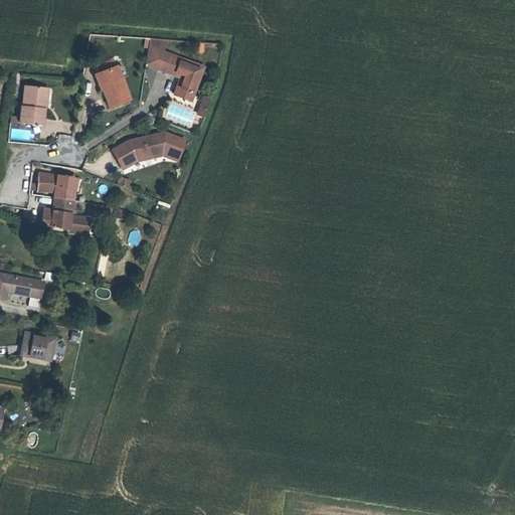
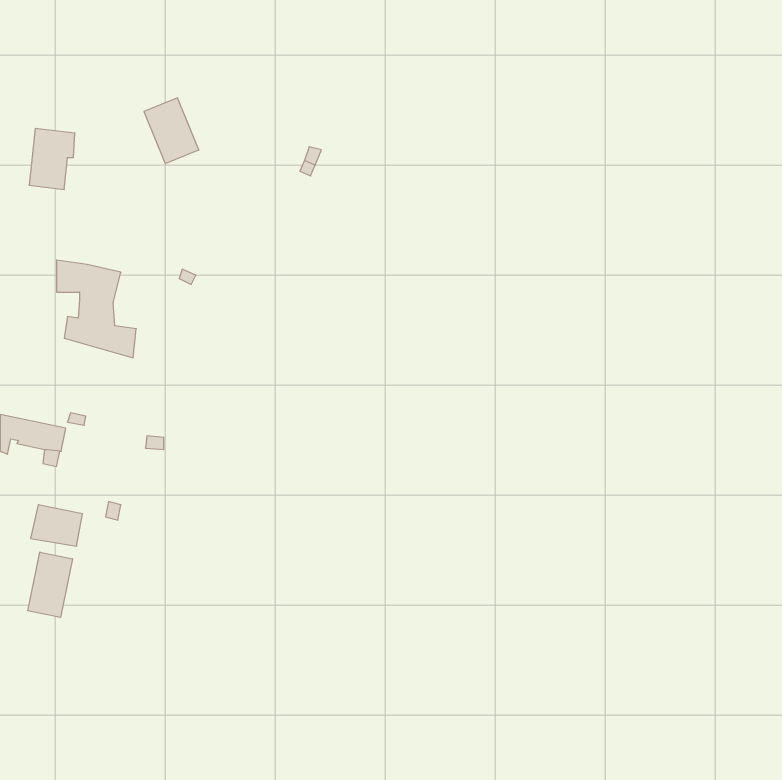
building: [147,38,204,100] -> none
building: [111,132,187,170] -> none
building: none -> [28,552,73,617]

